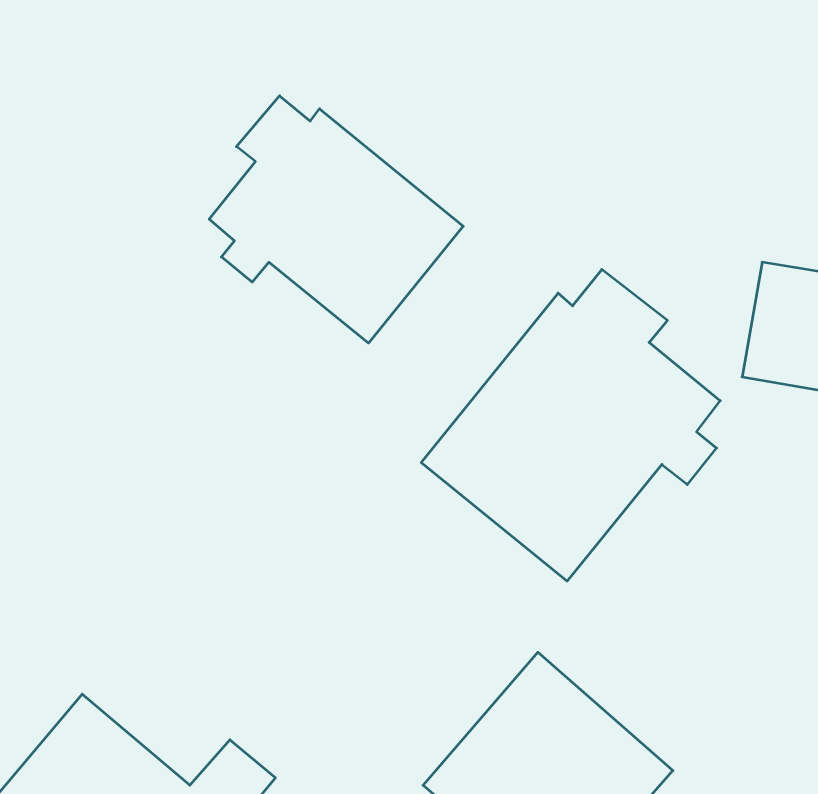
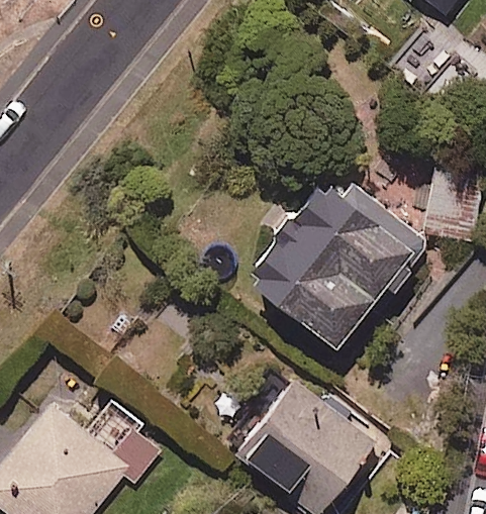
building: [209,96,463,343] -> none

